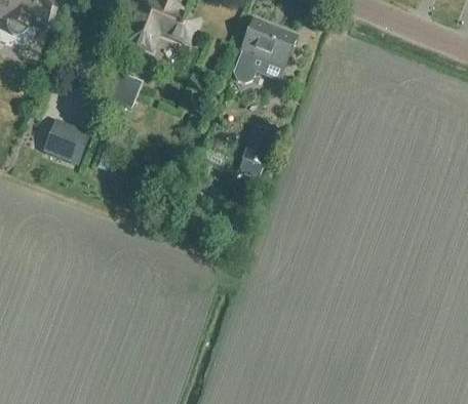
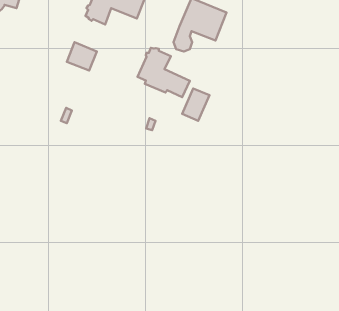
building: none -> [137,48,190,97]
building: [42,118,89,166] -> none

